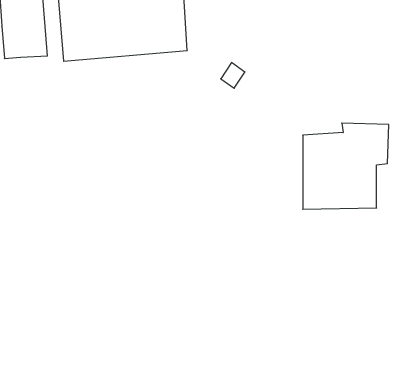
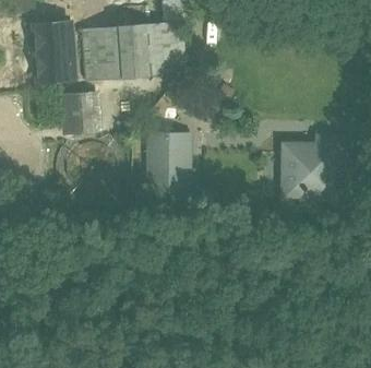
building: none -> [59,90,99,131]
building: none -> [145,132,189,190]

